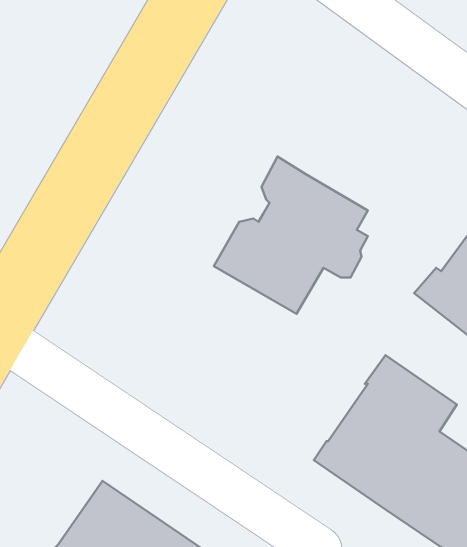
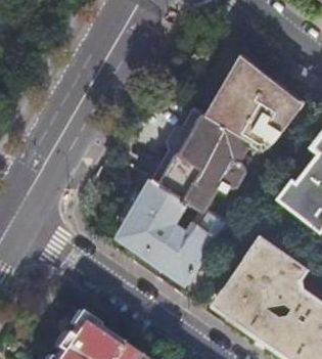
building: none -> [211,62,302,150]
building: none -> [118,177,226,280]

